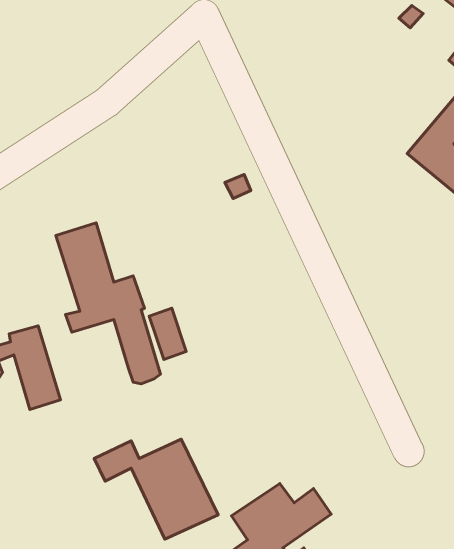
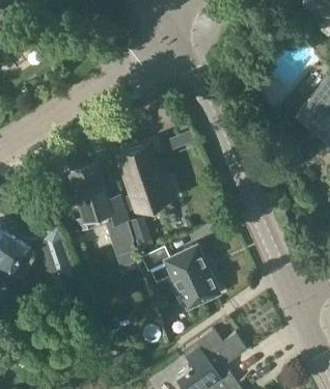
building: none -> [122,145,174,212]
building: [94,439,218,539] -> [141,245,221,309]

